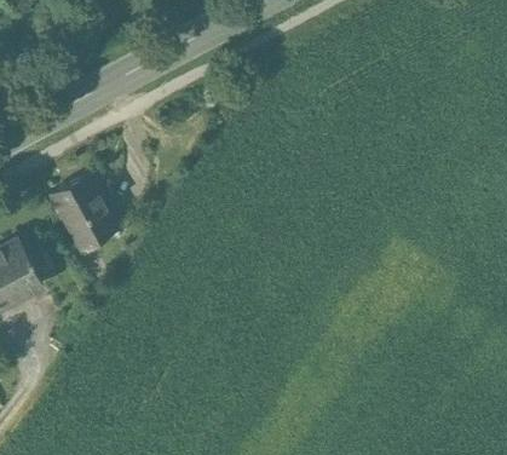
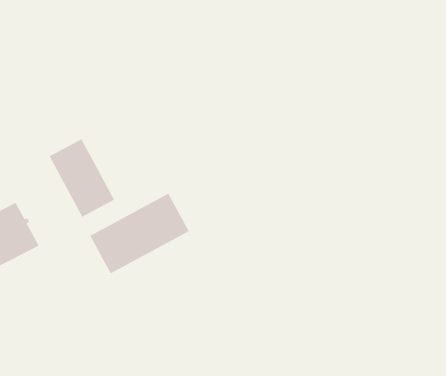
building: none -> [90,193,189,274]

